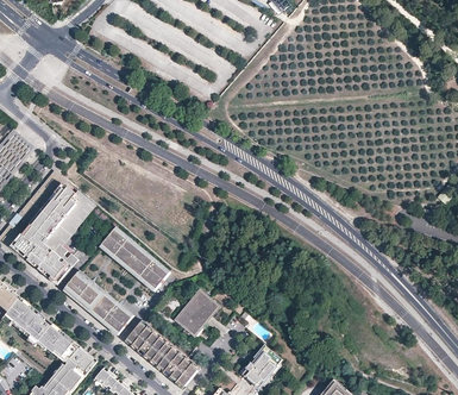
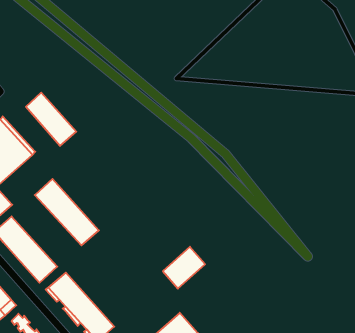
building: none -> [26,93,76,146]
building: [175,290,217,334] -> [163,247,205,289]

